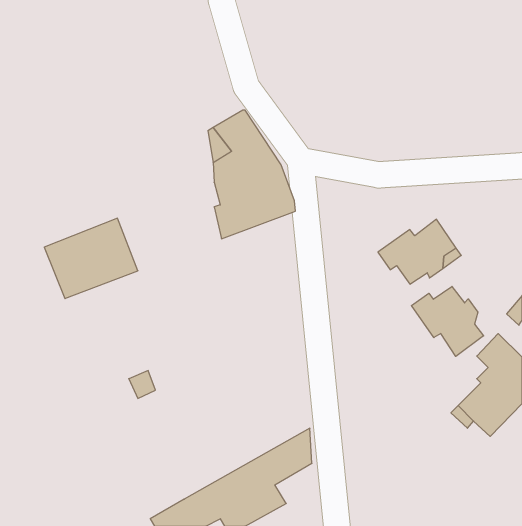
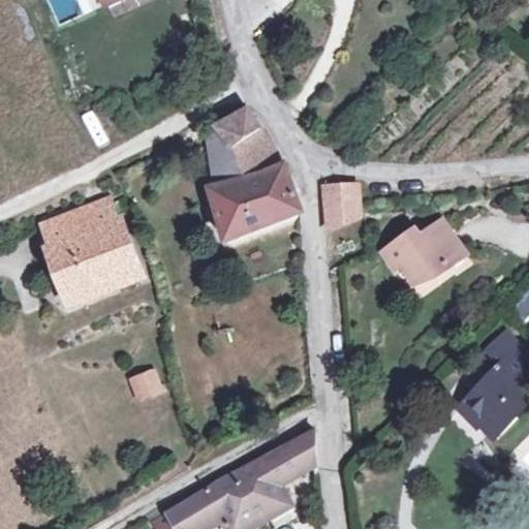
building: none -> [321,184,357,229]
building: none -> [36,198,118,248]
building: [411,286,484,356] -> none

